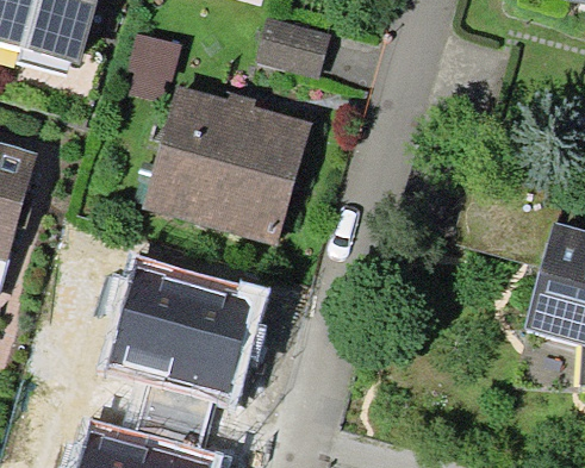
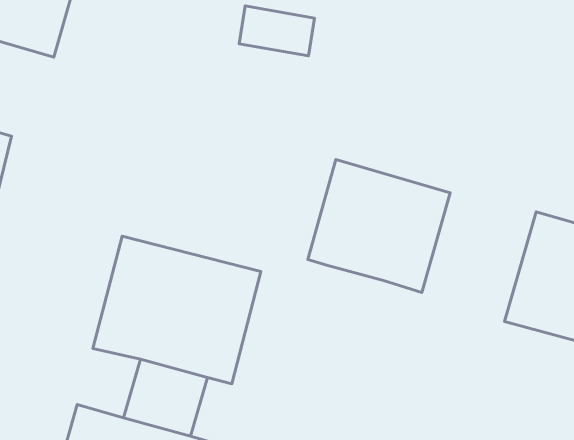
building: [142,83,307,239] -> none
building: none -> [308,160,450,293]

